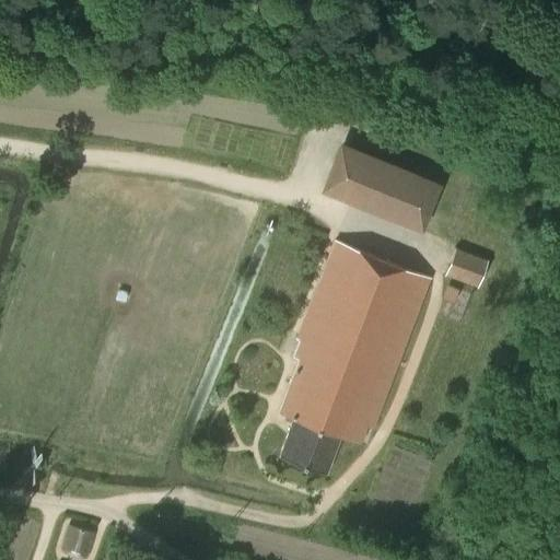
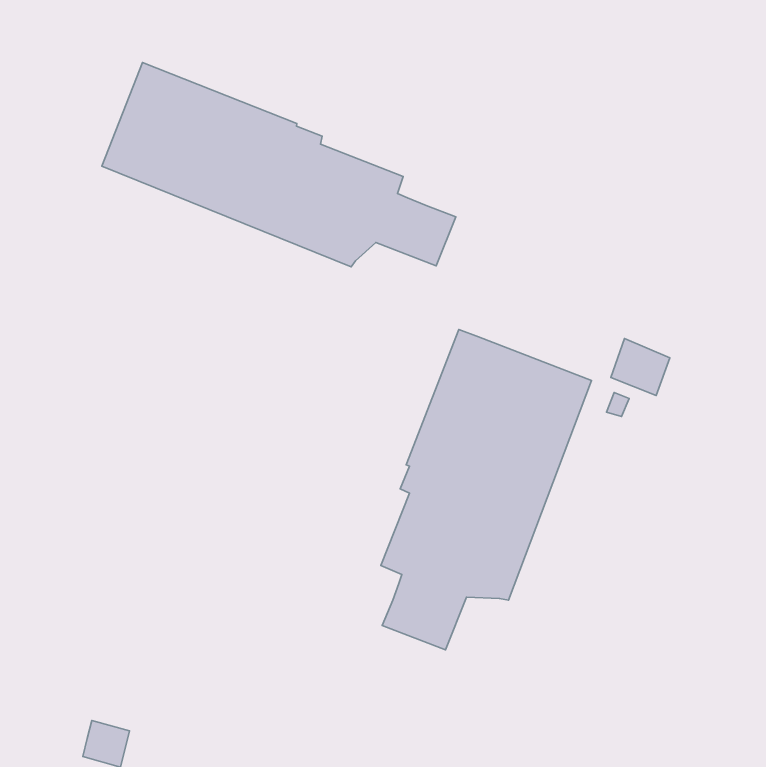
building: none -> [102,62,456,267]
building: [322,144,444,235] -> none

